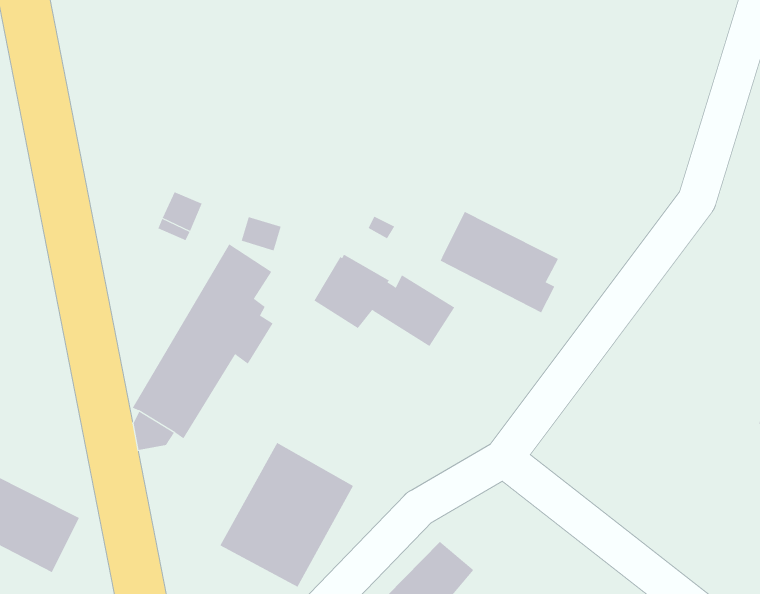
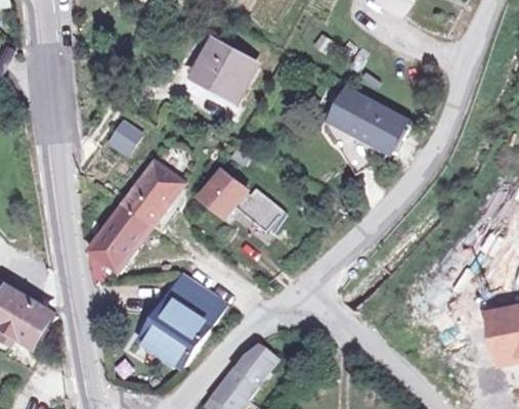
building: none -> [194,39,254,93]
building: [440,211,559,313] -> [333,89,403,152]

